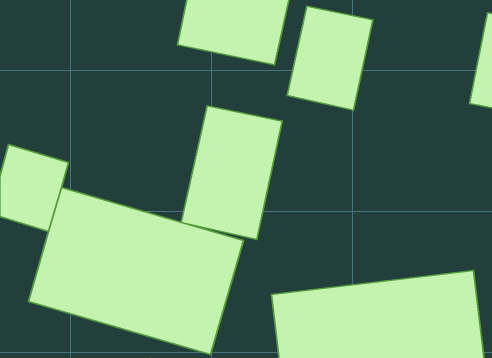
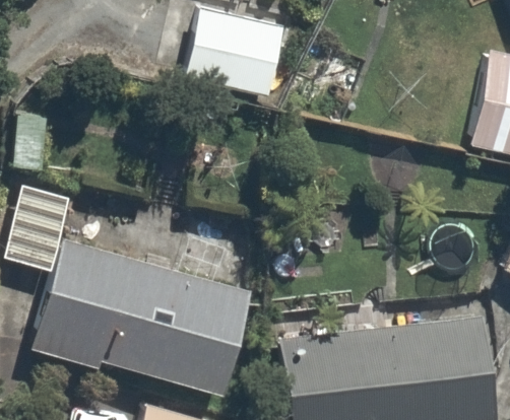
building: [287,6,373,110] -> none
building: [181,106,282,239] -> none

